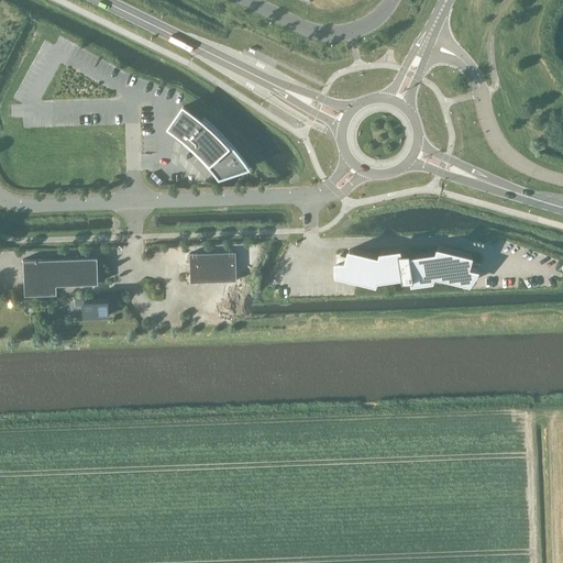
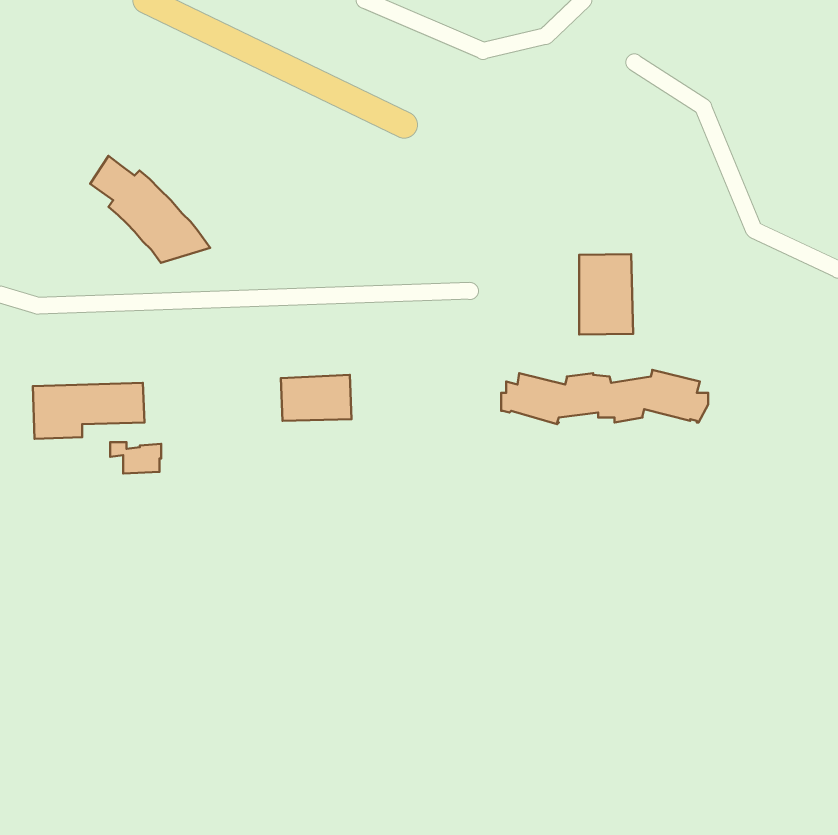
building: [169,109,250,180] -> [90,156,210,263]
building: none -> [579,254,633,334]

